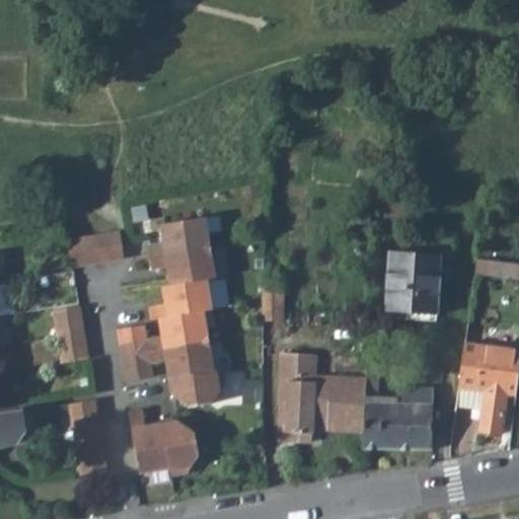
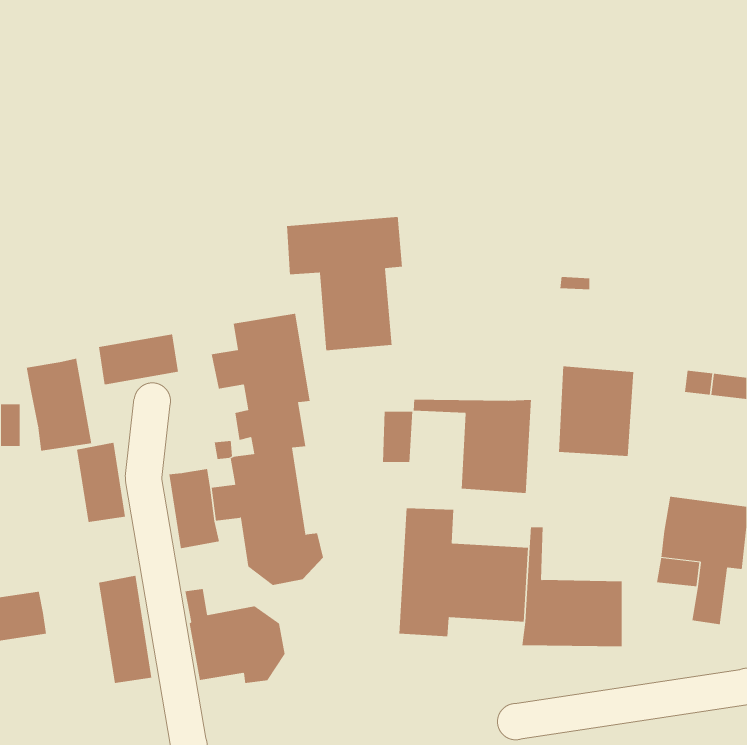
building: none -> [287,216,402,351]
building: none -> [26,358,92,452]
building: none -> [413,399,532,494]

